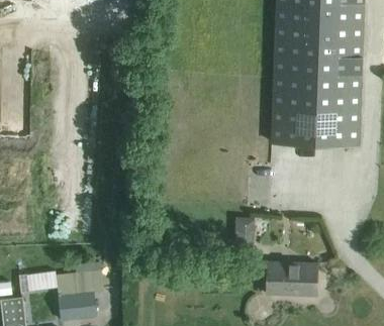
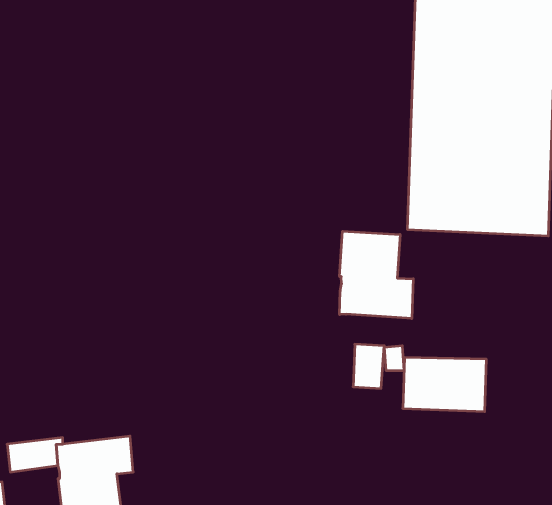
building: none -> [340,231,413,319]
building: [268,262,319,296] -> [403,358,486,412]

